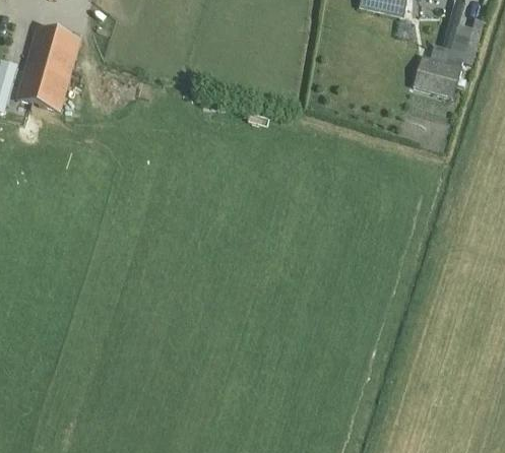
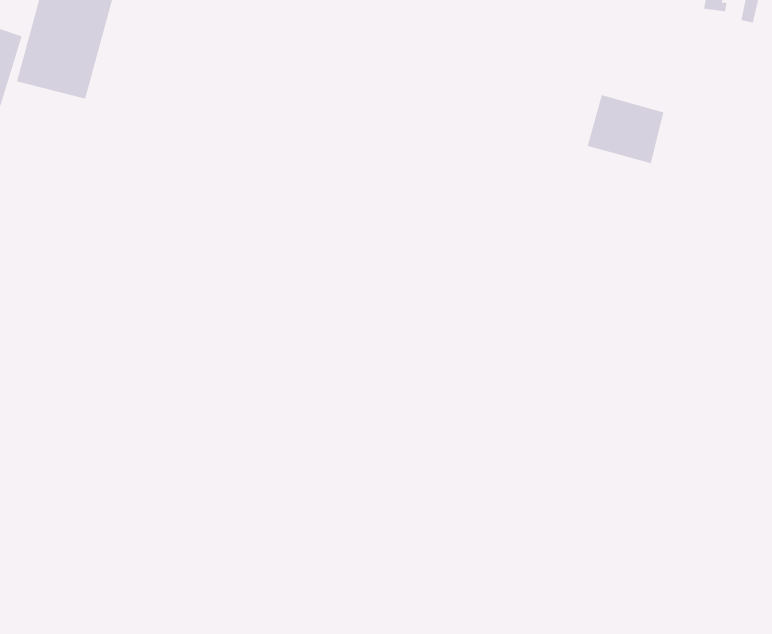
building: [417,53,465,96] -> [587,94,664,164]

